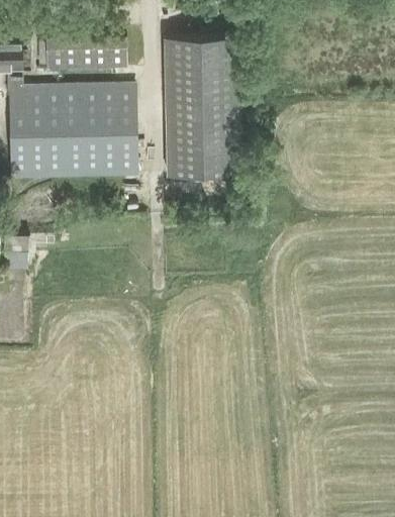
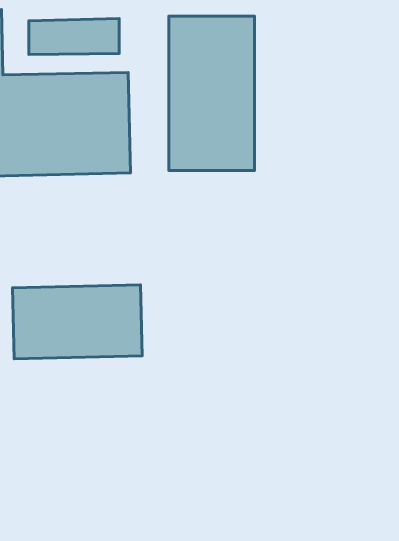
building: none -> [13,285,142,359]

